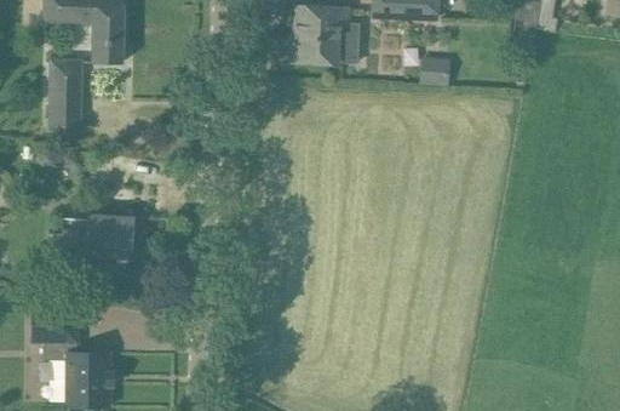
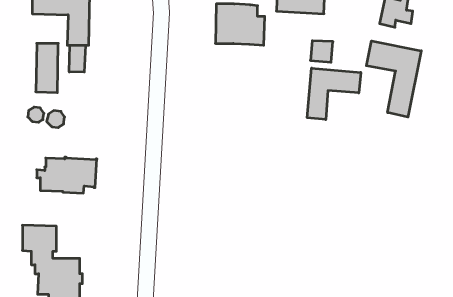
building: none -> [366,41,421,117]
building: none -> [69,45,85,72]
building: none -> [307,68,361,120]

